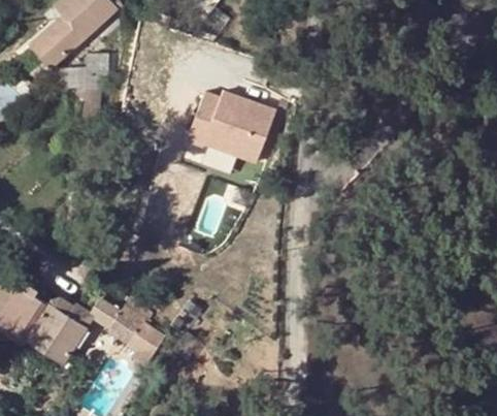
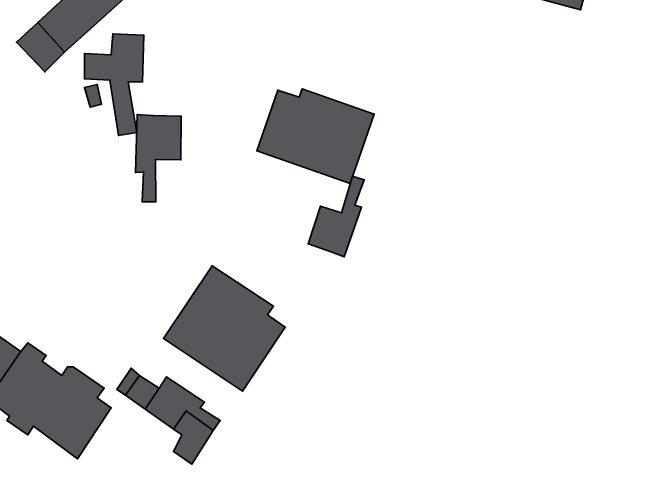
building: none -> [136,114,181,202]
building: none -> [308,176,364,257]
building: none -> [164,266,285,391]

